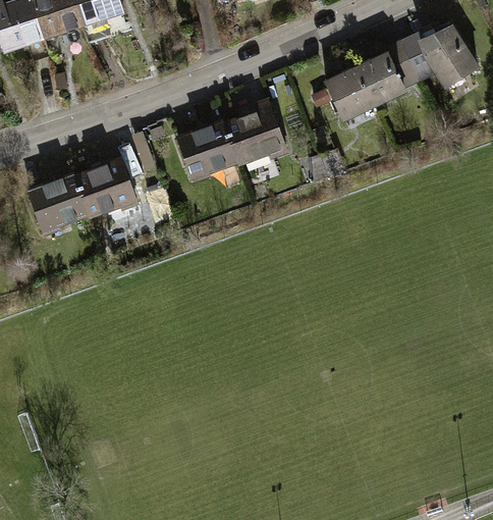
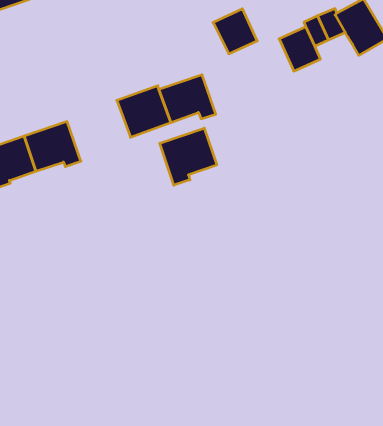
building: [325,68,374,118] -> [213,9,257,54]
building: none -> [160,128,217,185]

